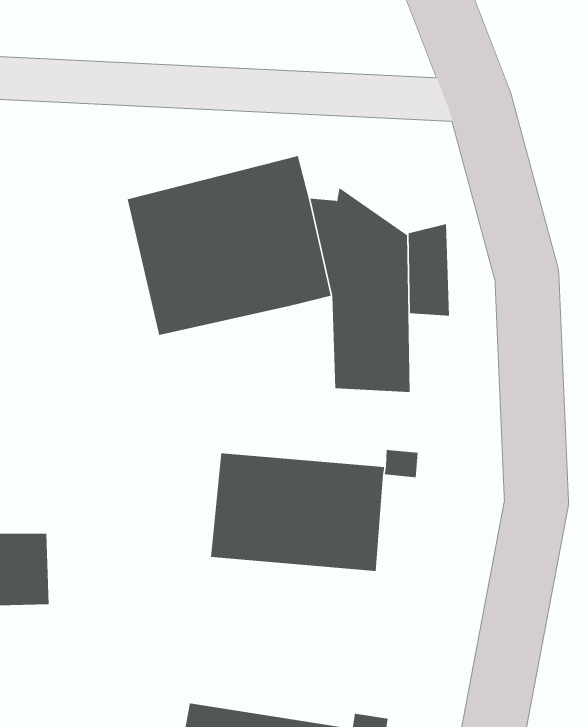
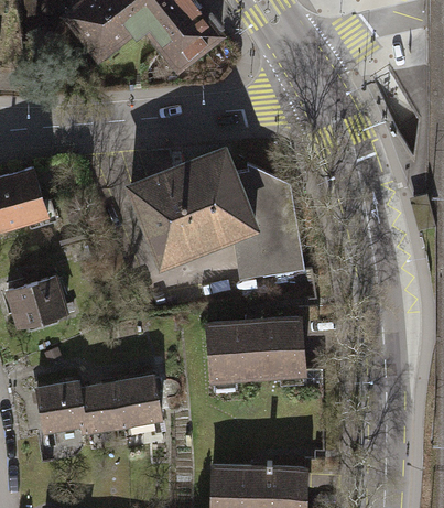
building: [408,223,450,316] -> [229,226,260,280]
building: none -> [111,377,159,424]

